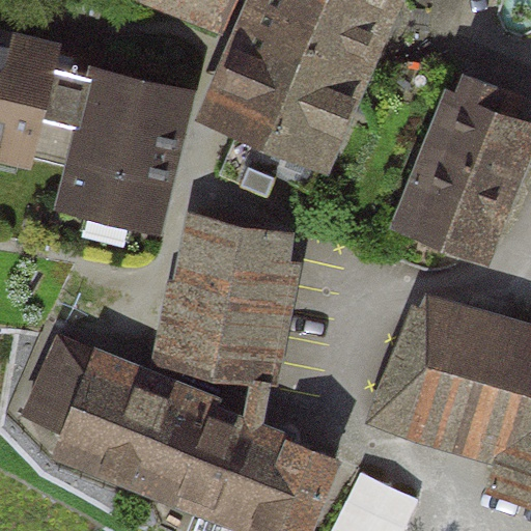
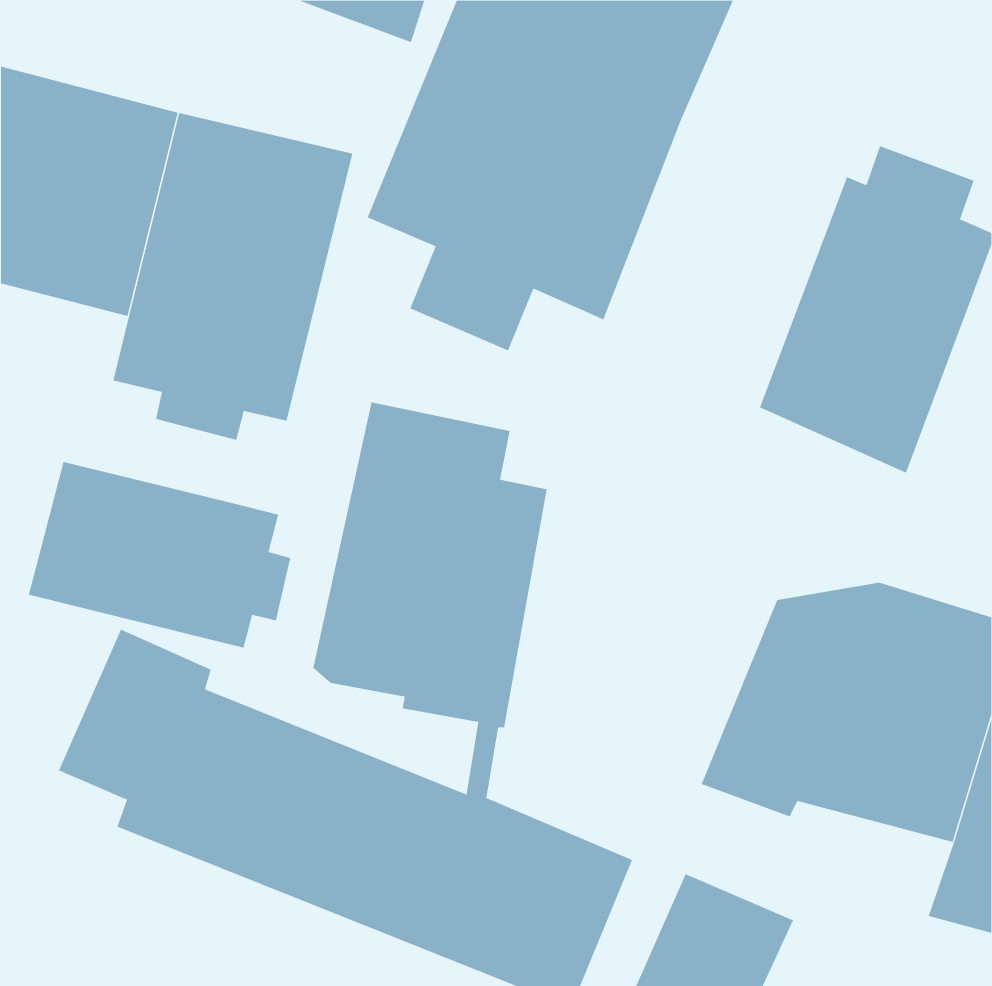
building: none -> [28,461,291,648]

